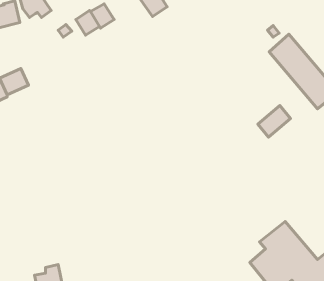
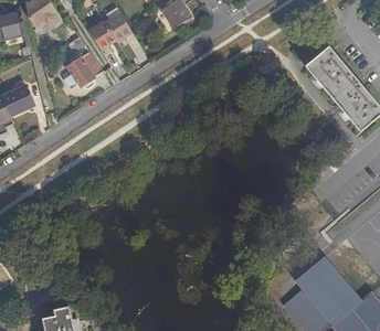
building: none -> [62,51,103,88]
building: [258,105,291,137] -> none

